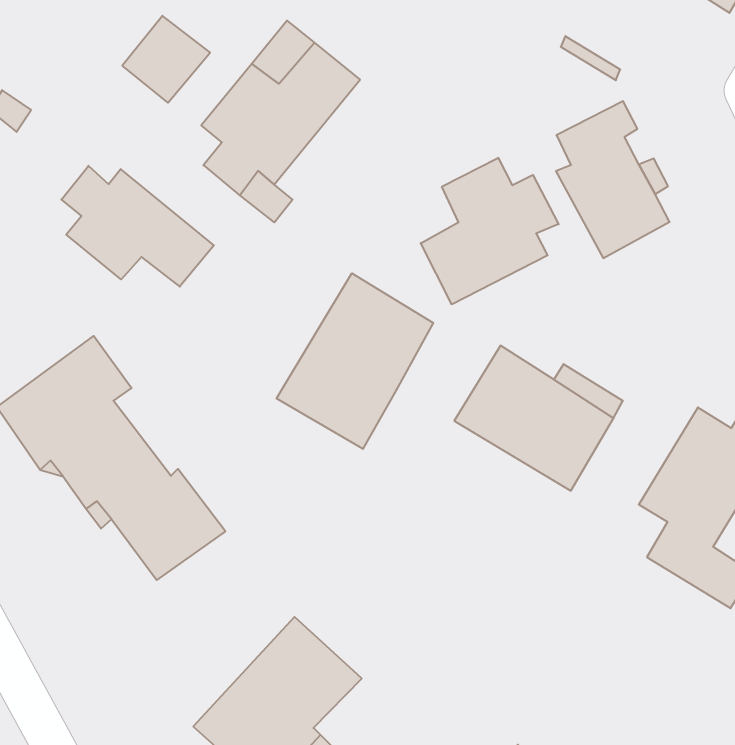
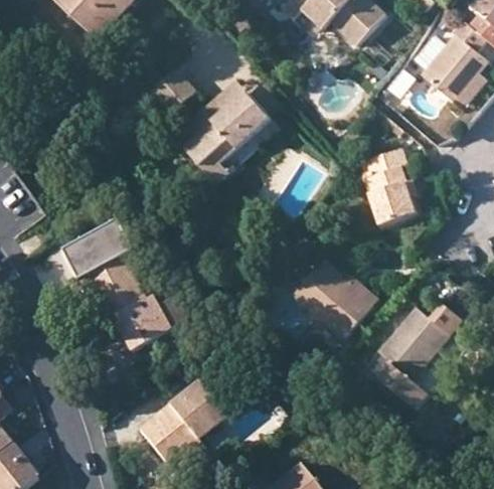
building: [421,158,559,304] -> none
building: [61,166,214,287] -> none
building: [277,273,433,449] -> none

